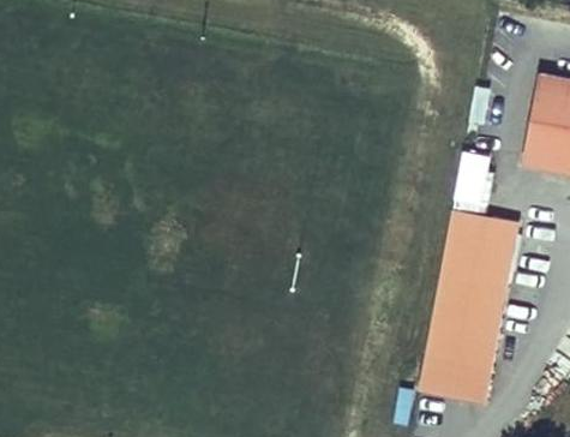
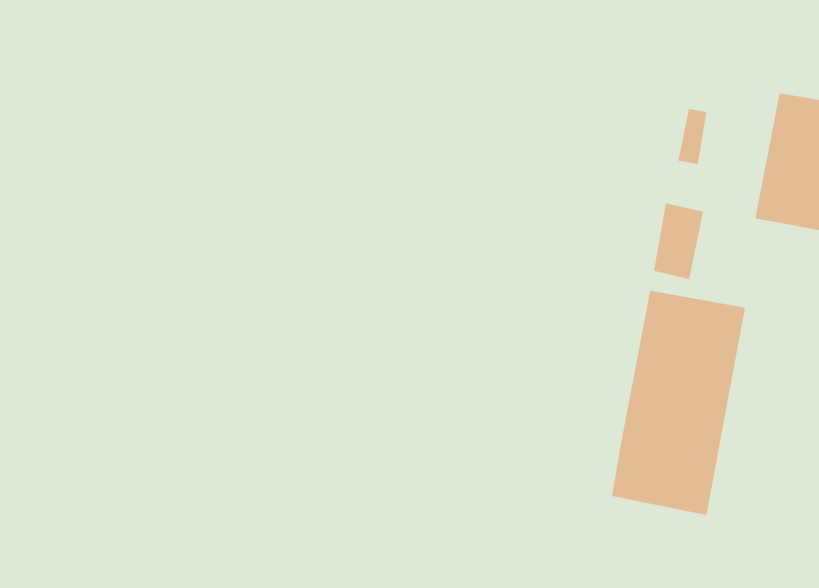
building: [418,353,491,400] -> none

